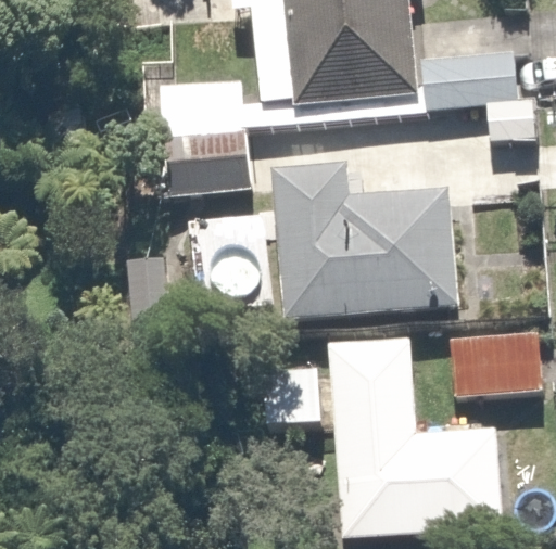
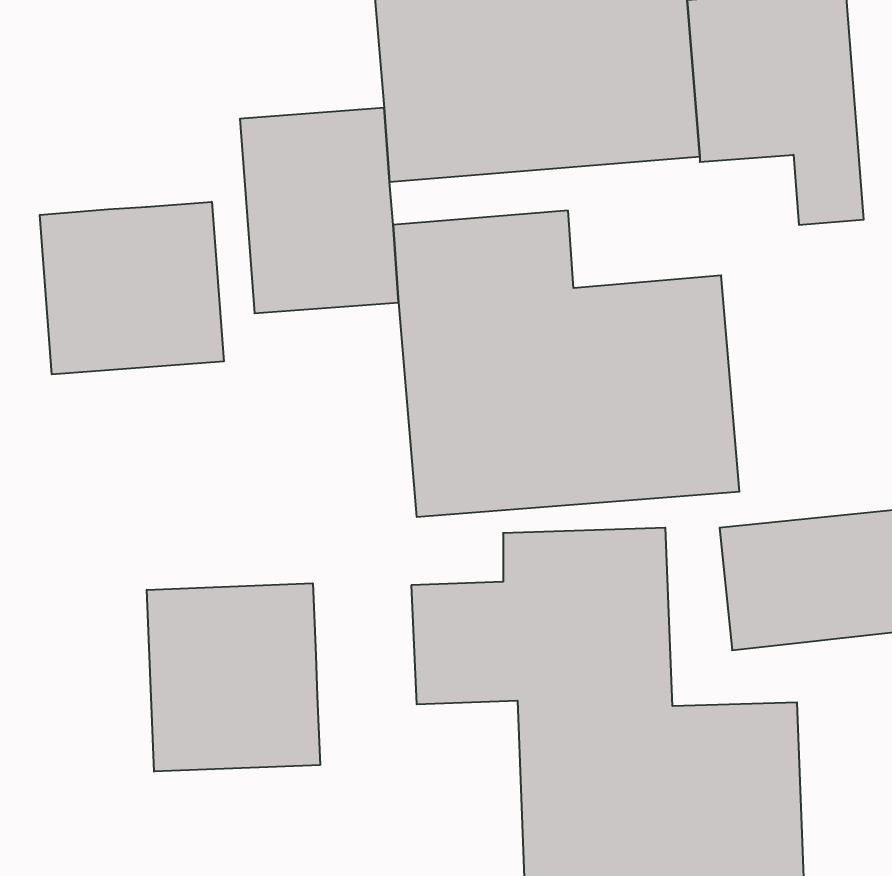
building: none -> [40,202,224,374]
building: none -> [147,583,320,772]

